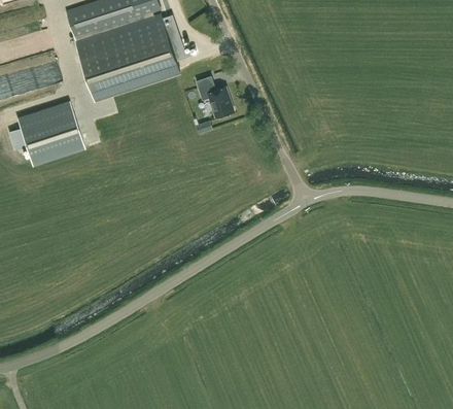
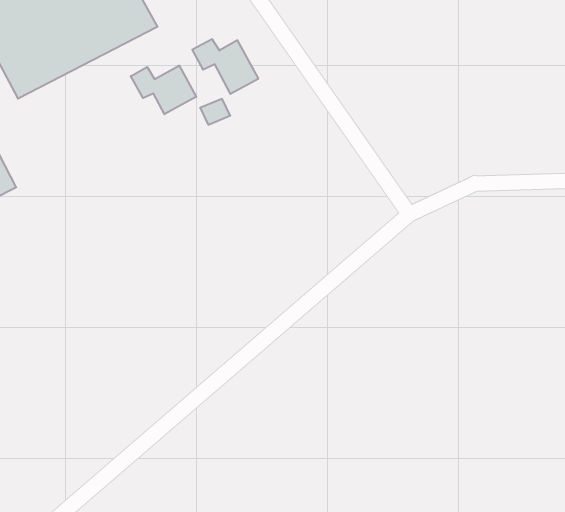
building: none -> [131,65,196,114]

